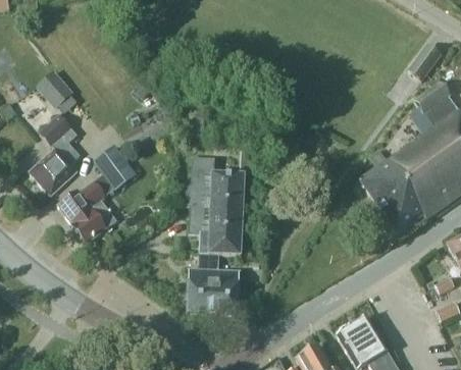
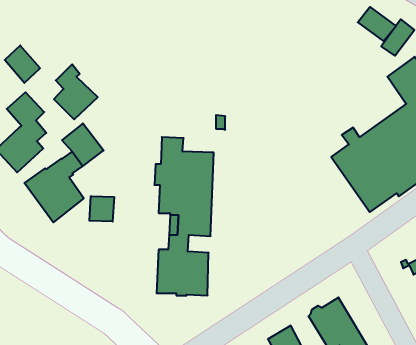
building: none -> [358,7,396,41]
building: none -> [54,64,98,119]
building: none -> [89,196,114,222]

